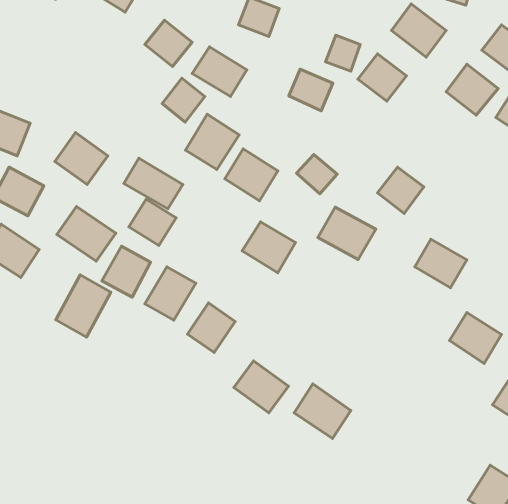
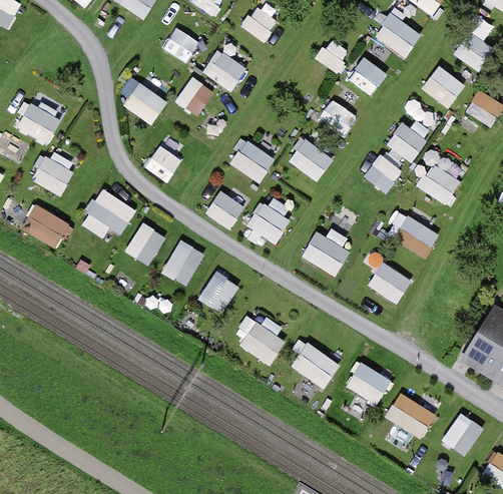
building: [289,69,333,111] -> [318,100,356,136]
building: [185,114,239,169] -> none
building: none -> [385,121,427,162]
building: [55,133,108,185] -> [122,80,168,125]
building: none -> [421,156,459,200]
building: [129,199,176,246] -> [203,188,244,228]
building: [318,207,376,259] -> [300,230,350,276]
building: [56,275,111,337] -> none
building: [449,313,502,364] -> [367,261,412,305]
building: none -> [344,360,391,405]
building: none -> [384,391,436,439]

